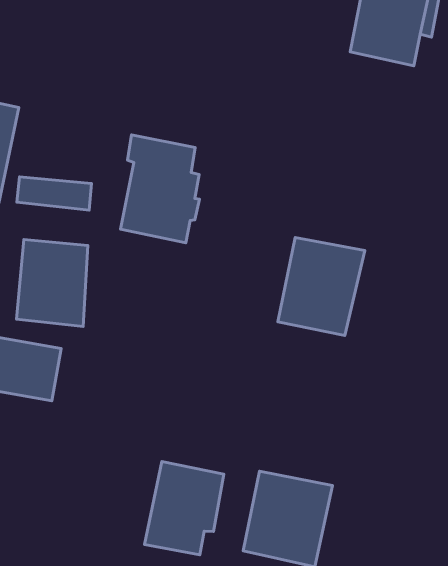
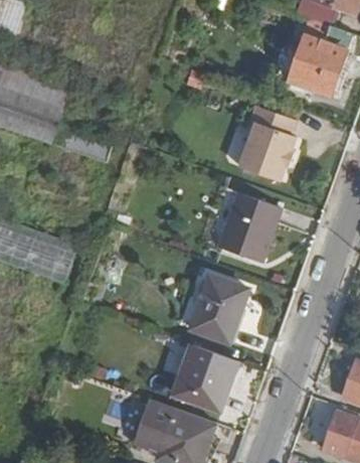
building: [120,135,199,243] -> [237,106,294,181]
building: [16,240,88,326] -> none
building: [144,462,224,555] -> [190,277,248,341]

